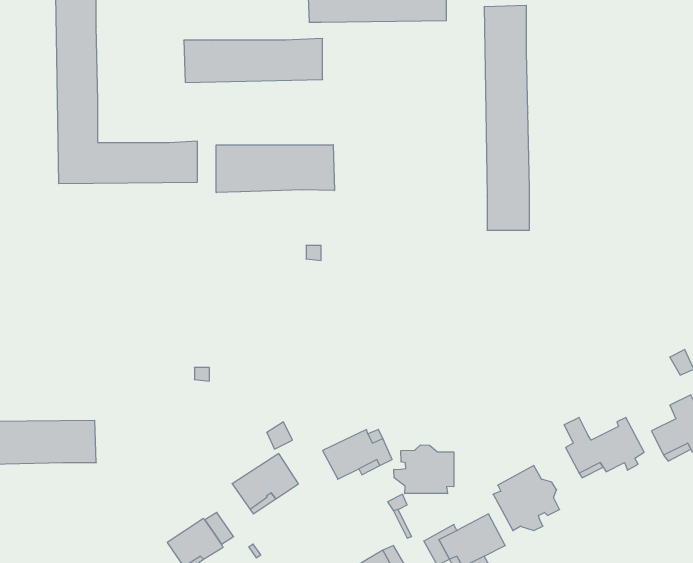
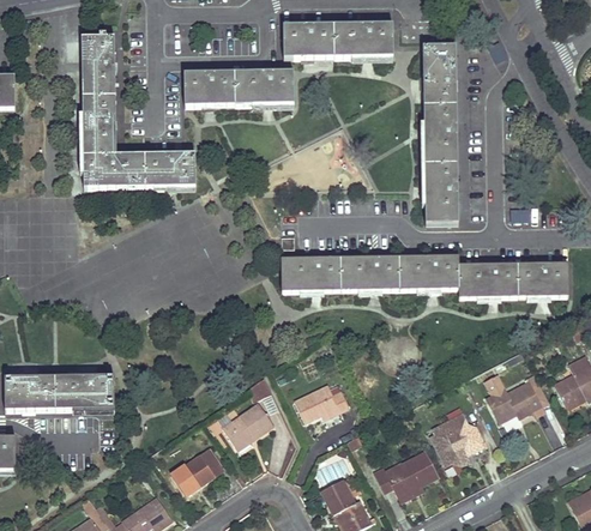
building: [216,145,334,193] -> none
building: none -> [281,255,567,297]
building: [394,445,454,494] -> none

